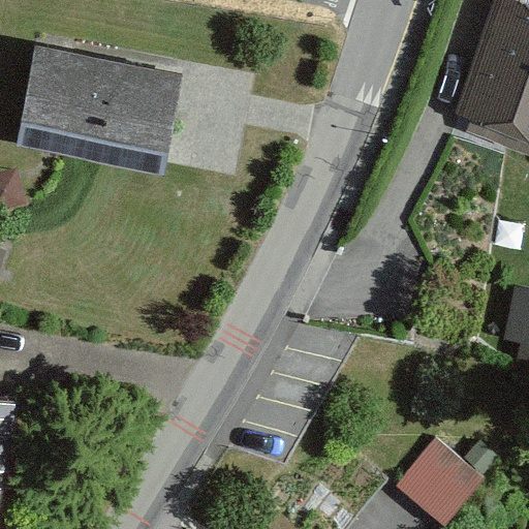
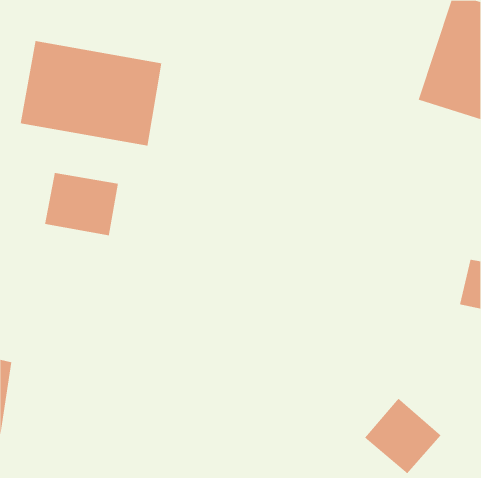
building: none -> [44,172,118,236]

